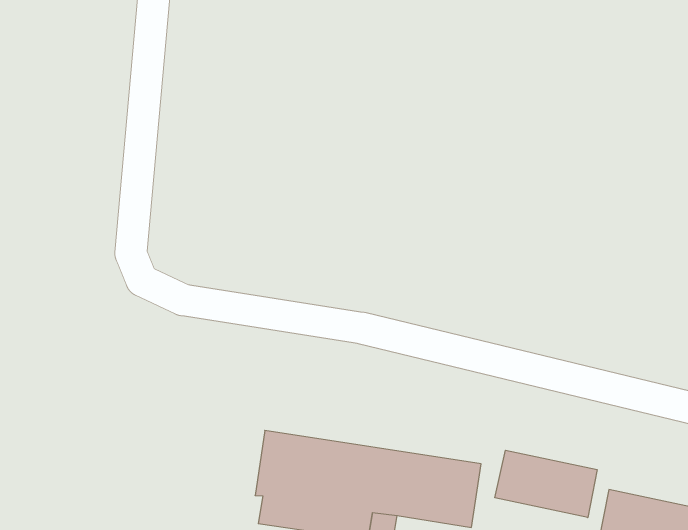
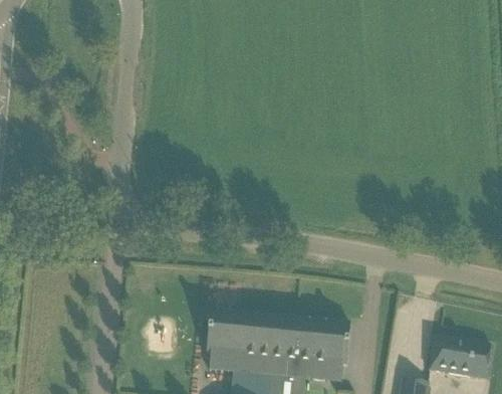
building: [495,450,597,518] -> none

